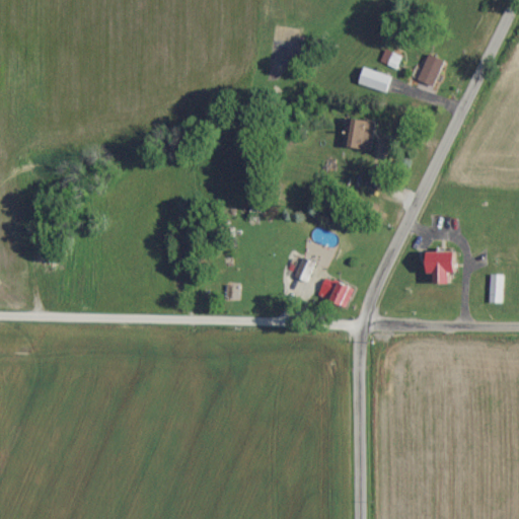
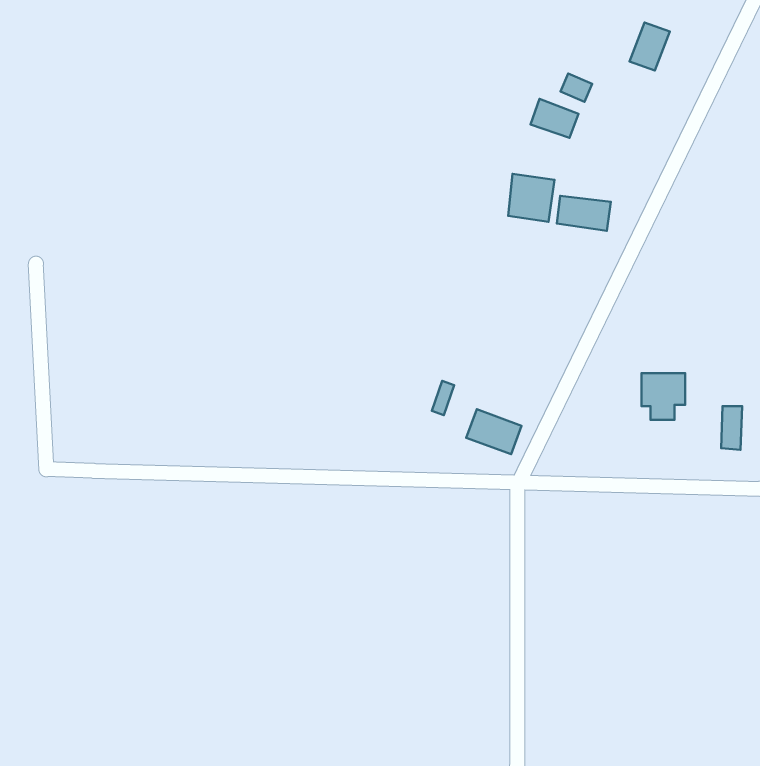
building: [417,54,444,86] -> [629,23,670,71]
building: none -> [557,196,611,231]

